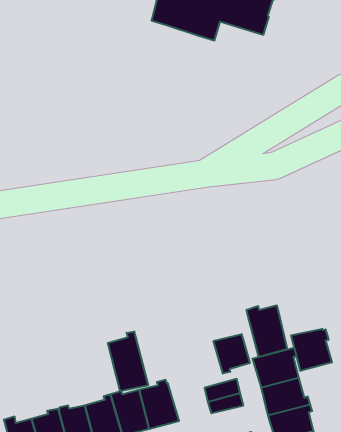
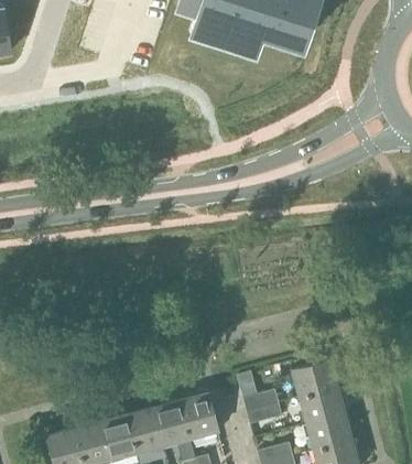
building: [247,305,287,357] -> none
building: [291,329,332,371] -> none
building: [108,331,148,391] -> none
building: [214,334,250,374] -> none

